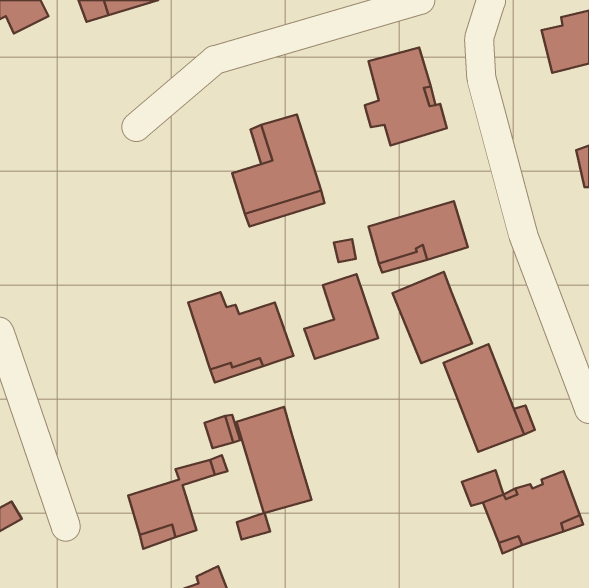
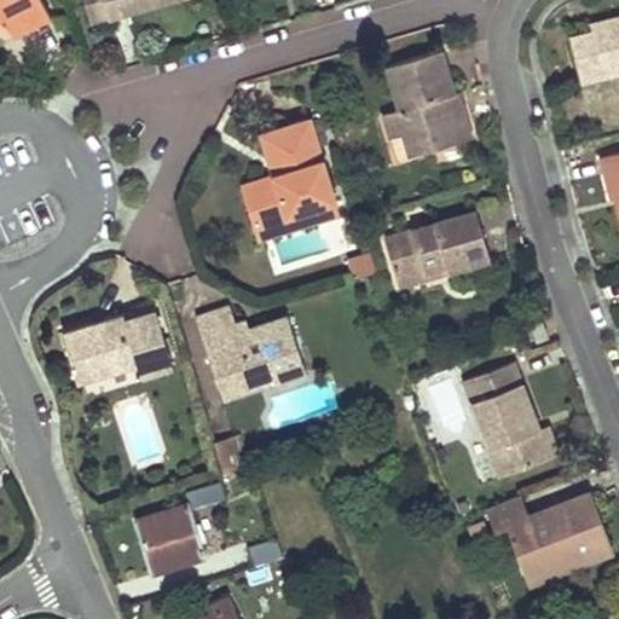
building: [393,272,472,363] -> none
building: [304,274,378,359] -> none
building: none -> [62,306,168,386]
building: [236,407,311,513] -> none

